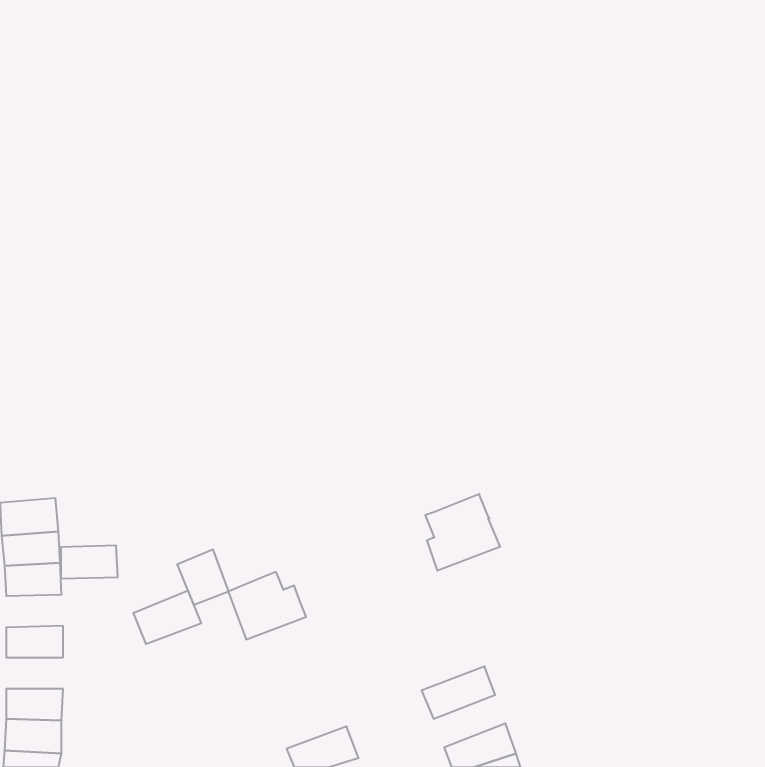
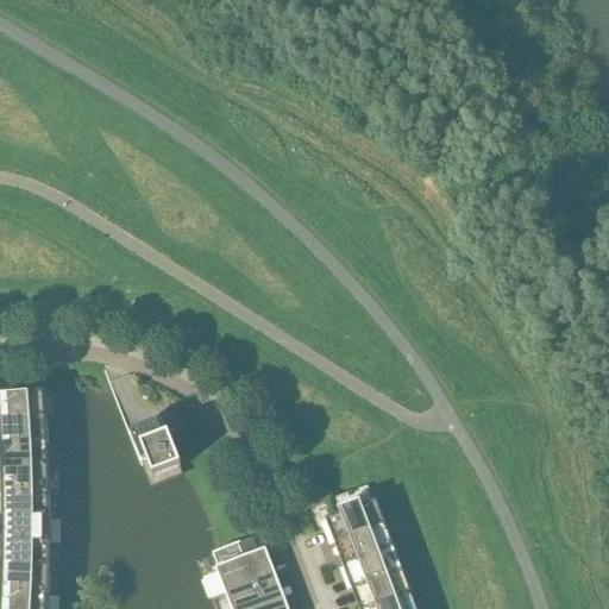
building: [425,494,500,571] -> [326,486,385,547]
building: [61,546,118,579] -> [6,471,51,497]
building: [228,572,306,639] -> [214,540,276,594]
building: [133,591,201,644] -> none
building: none -> [6,521,51,546]
building: none -> [345,551,402,592]

